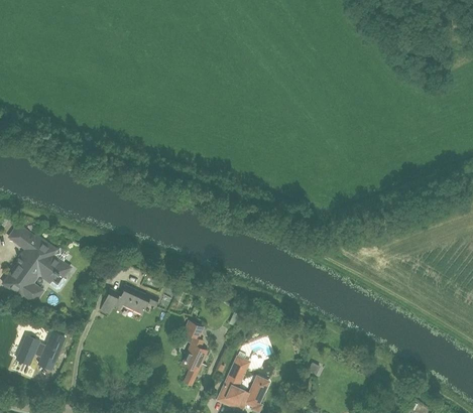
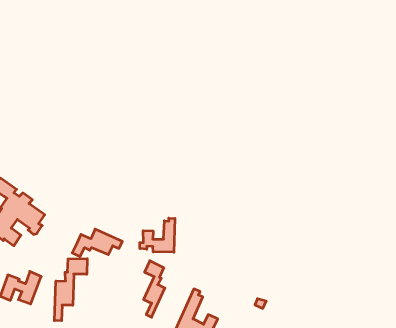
building: none -> [140,218,175,252]
building: none -> [54,259,87,321]

